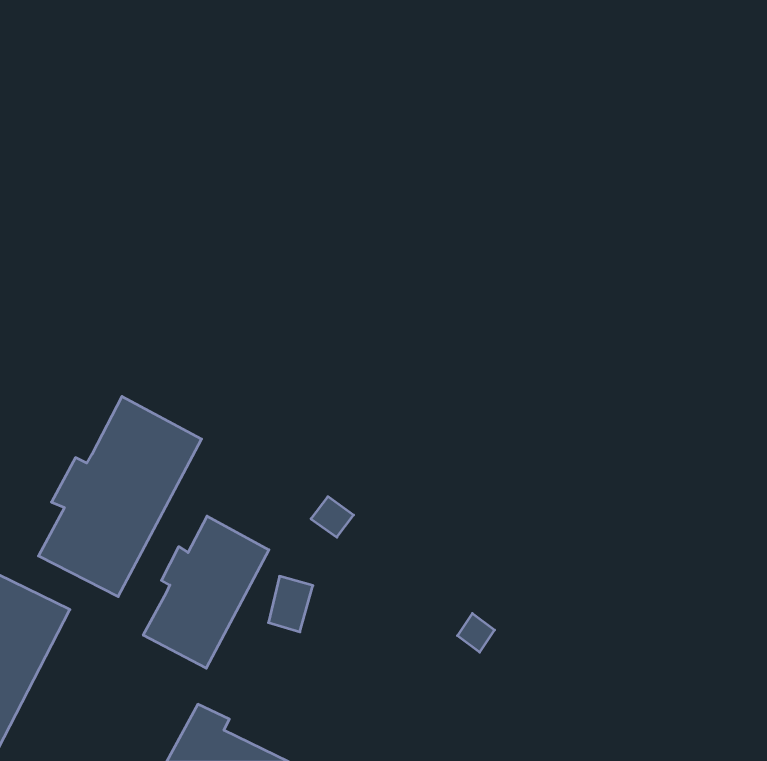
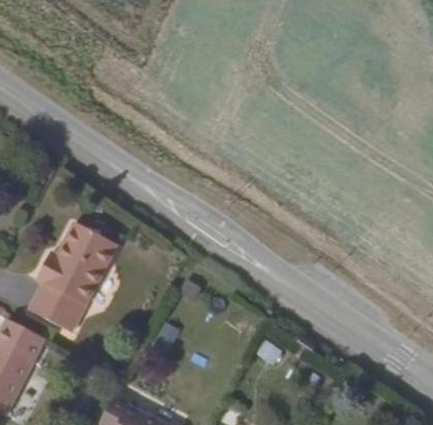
building: [143,516,269,668] -> none

